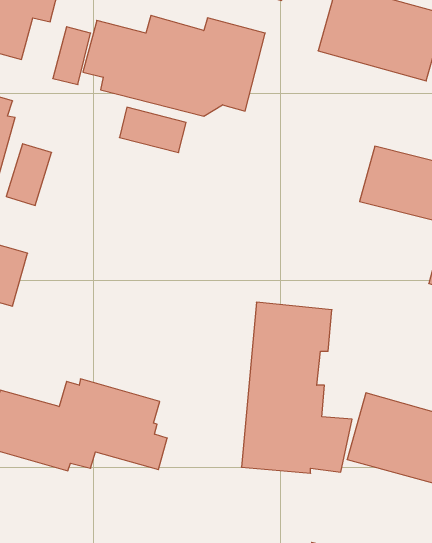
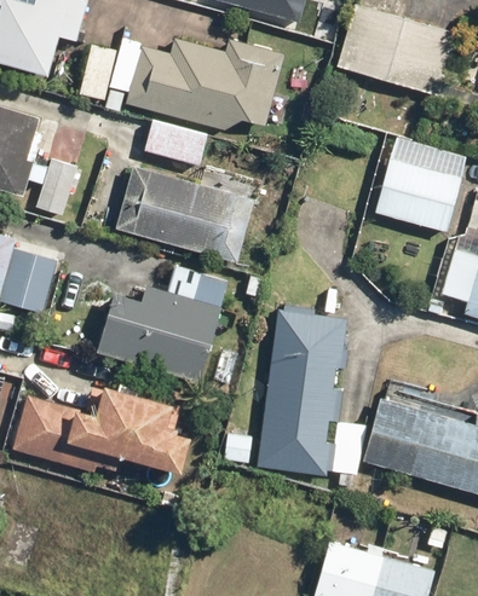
building: none -> [115,164,255,261]
building: none -> [96,266,228,380]

